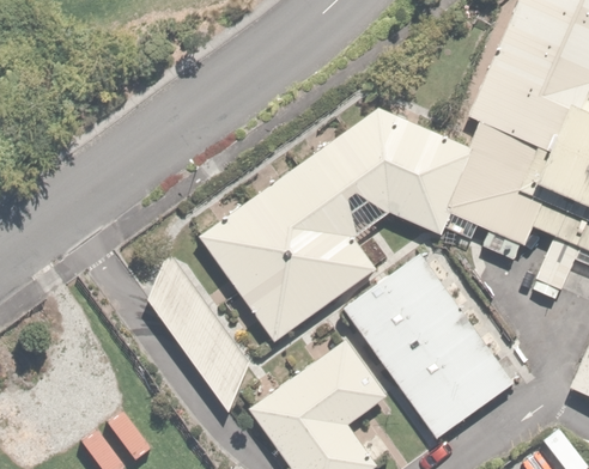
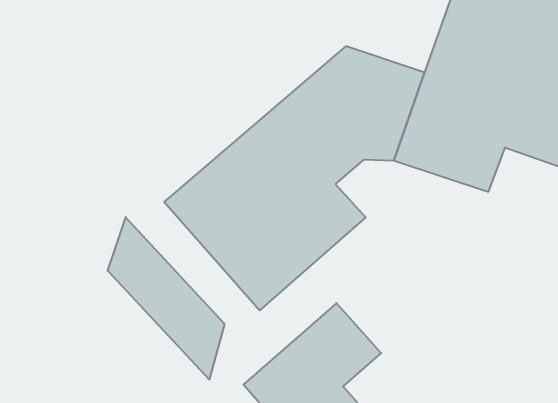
building: [344,255,516,441] -> none

